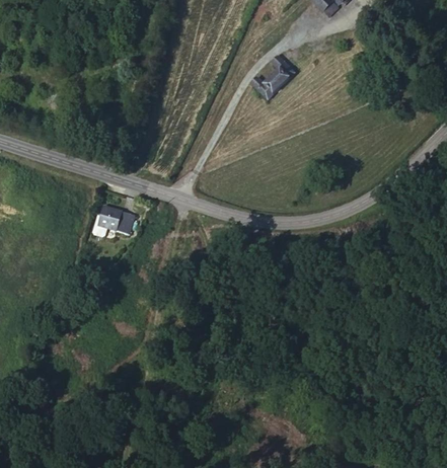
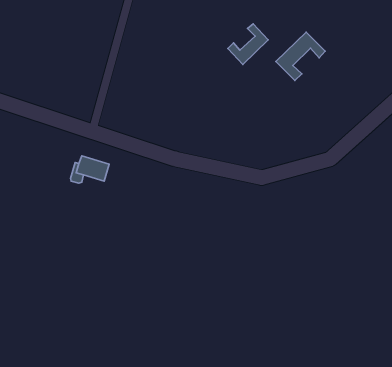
building: none -> [276,32,325,80]

